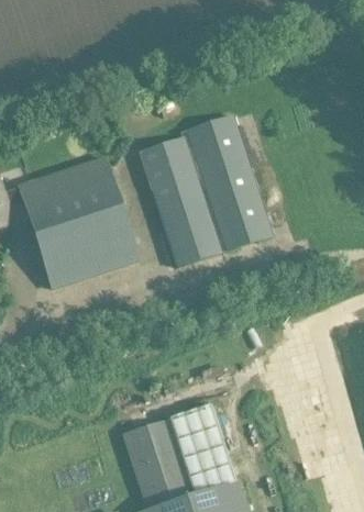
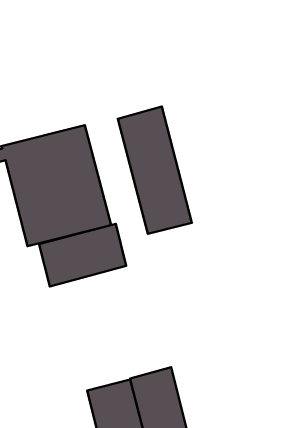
building: [183,112,274,253] -> none
building: none -> [39,224,126,287]

